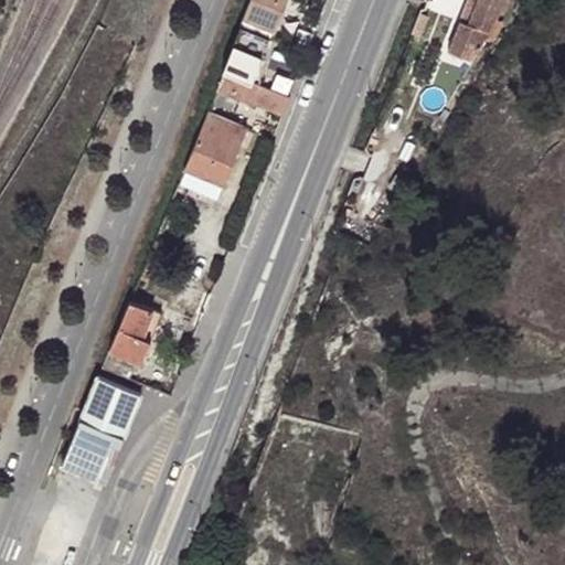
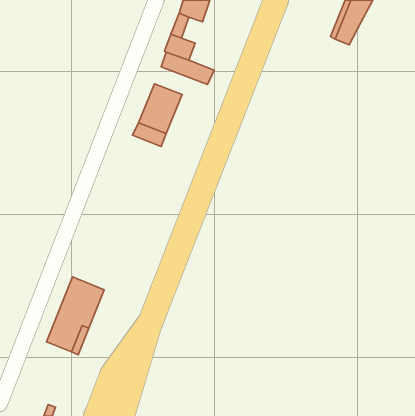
building: [98,300,161,382] -> none

